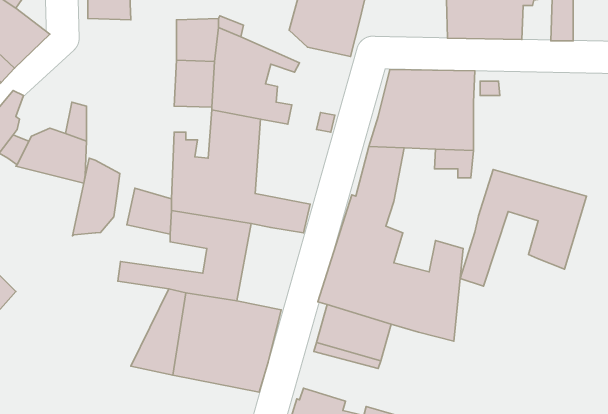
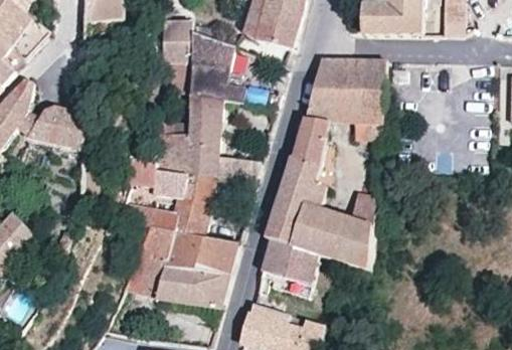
building: [72,158,120,236] -> none
building: [460,170,587,286] -> none

